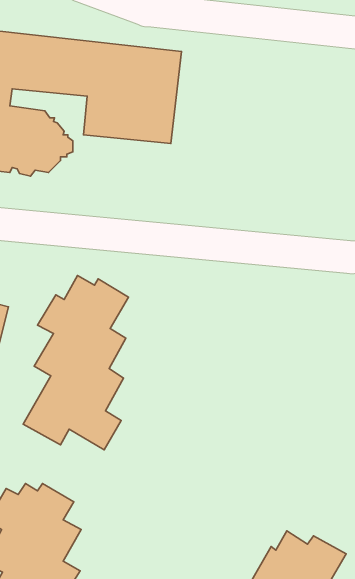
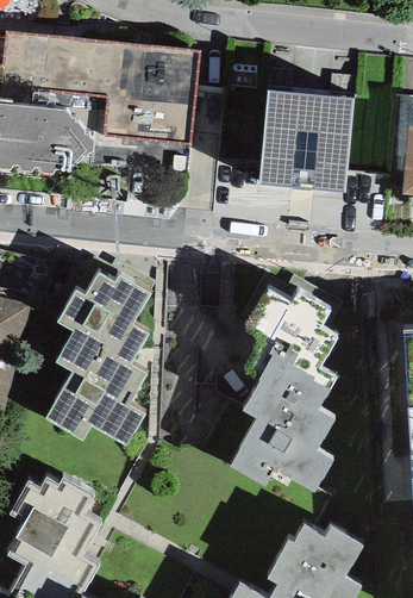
building: none -> [258,91,352,192]
building: none -> [230,289,337,493]

